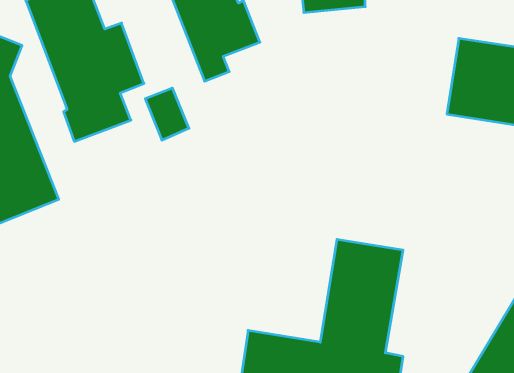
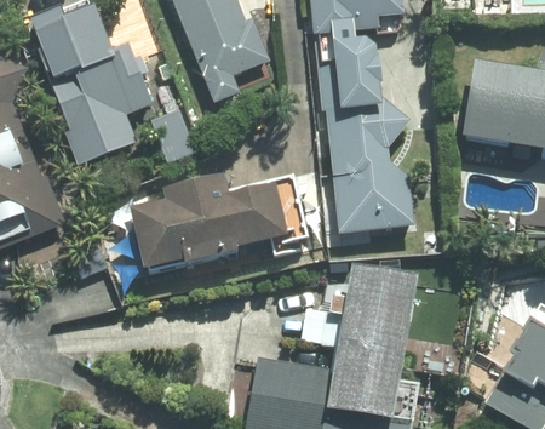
building: none -> [317,34,415,236]
building: none -> [131,172,287,271]

